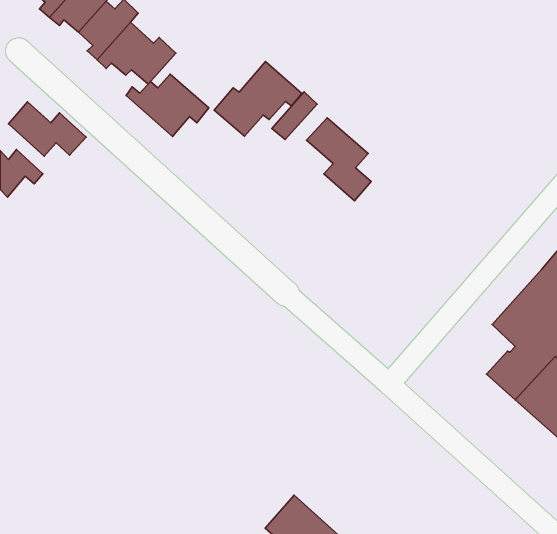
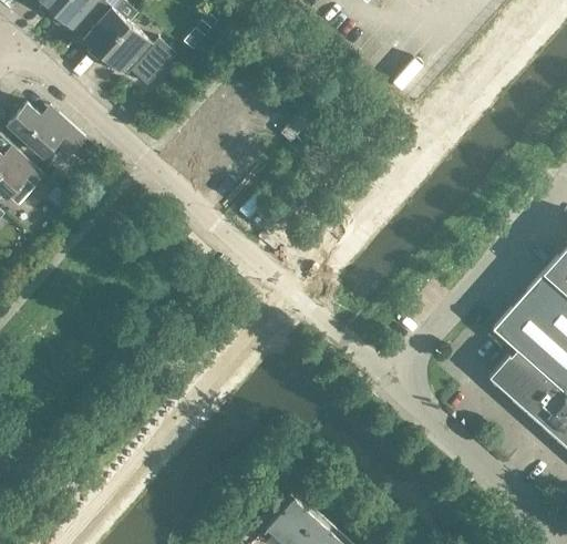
building: [214,62,302,136] -> none
building: [126,74,209,137] -> none
building: [306,118,371,201] -> none

